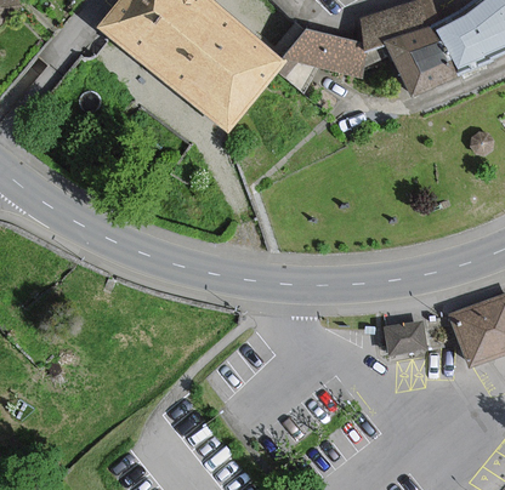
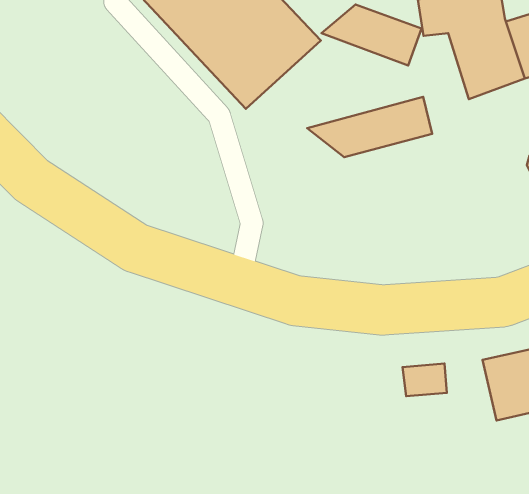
building: none -> [307,97,432,157]

